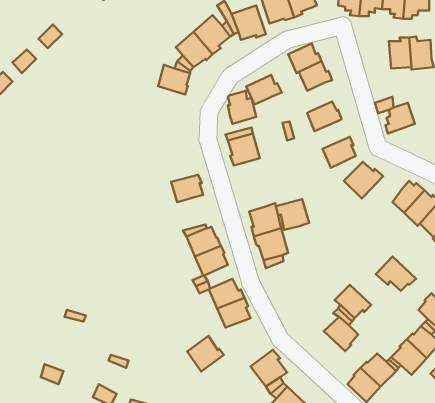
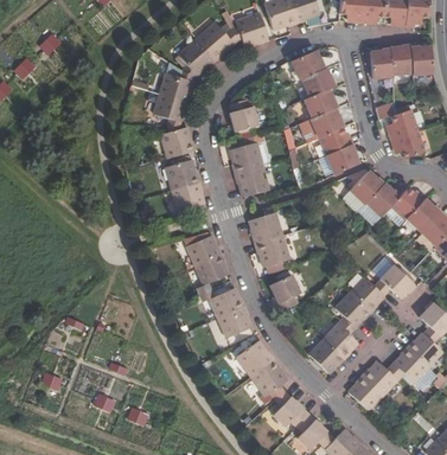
building: none -> [370,47,392,79]
building: [246,75,282,104] -> [301,89,337,118]
building: none -> [153,92,186,120]
building: none -> [160,124,194,156]
building: none -> [315,127,351,155]
building: none -> [389,130,423,158]
building: none -> [165,158,199,188]
building: none -> [365,182,403,219]
building: [276,199,309,230] -> [235,165,268,196]
building: none -> [269,274,301,310]
building: none -> [351,276,385,312]
building: none -> [311,338,346,372]
building: [187,336,224,371] -> [237,338,274,373]

